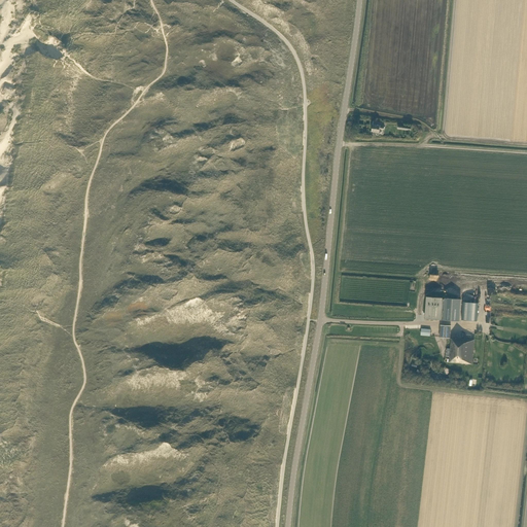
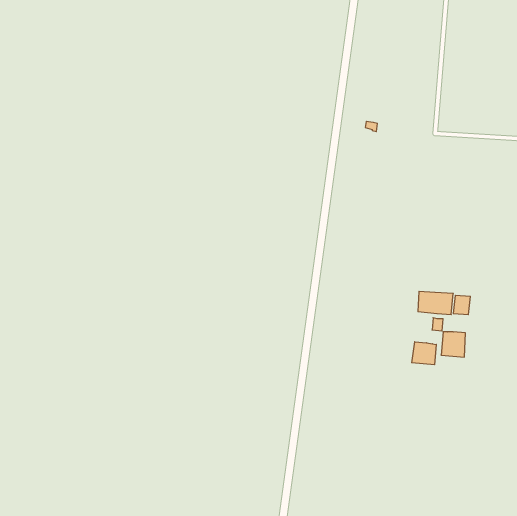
building: none -> [412,342,436,365]

